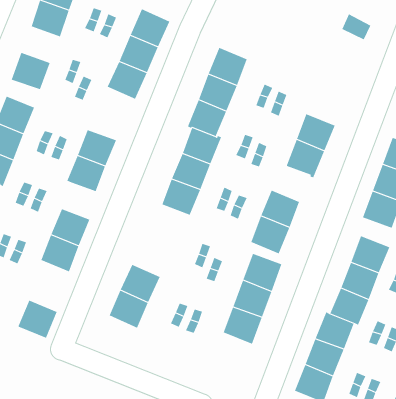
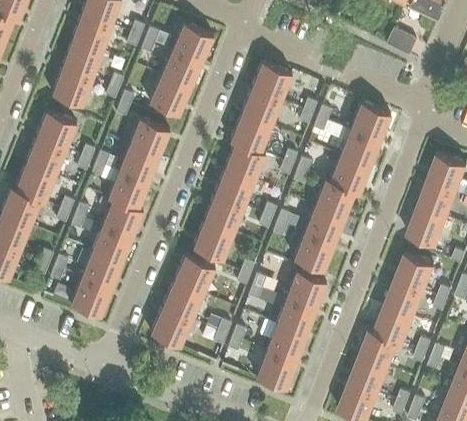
building: none -> [62,42,102,79]
building: none -> [350,103,390,142]
building: none -> [129,119,169,157]
building: none -> [315,180,354,219]
building: none -> [103,200,143,237]
building: none -> [193,222,233,261]
building: none -> [174,255,214,295]
building: [18,300,58,339] -> [71,278,111,317]
building: none -> [256,351,296,390]

